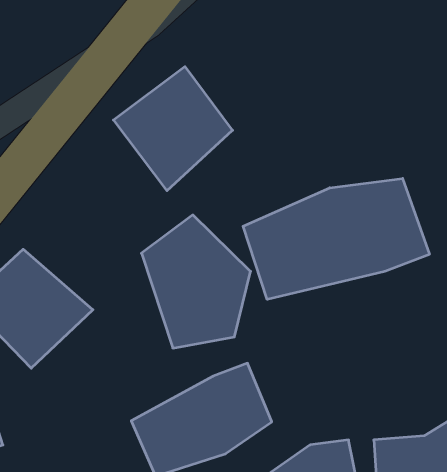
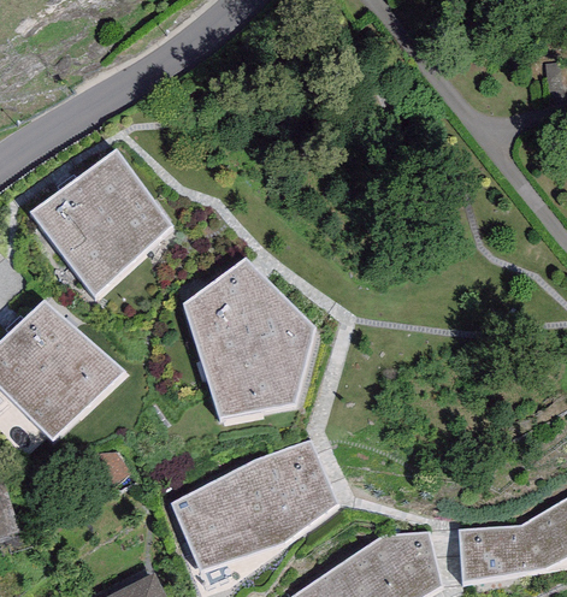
building: [113,67,233,191] -> [30,149,172,297]
building: [243,178,429,299] -> none

